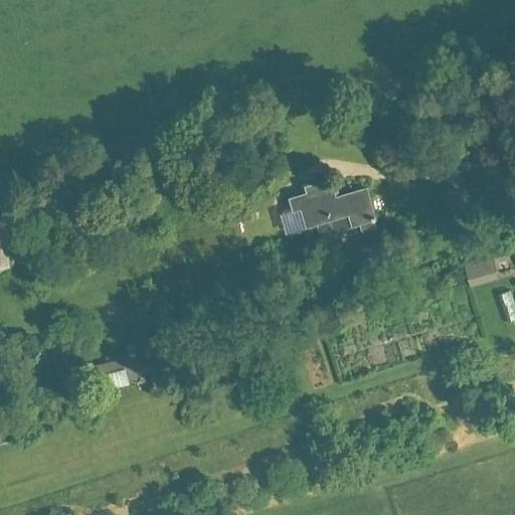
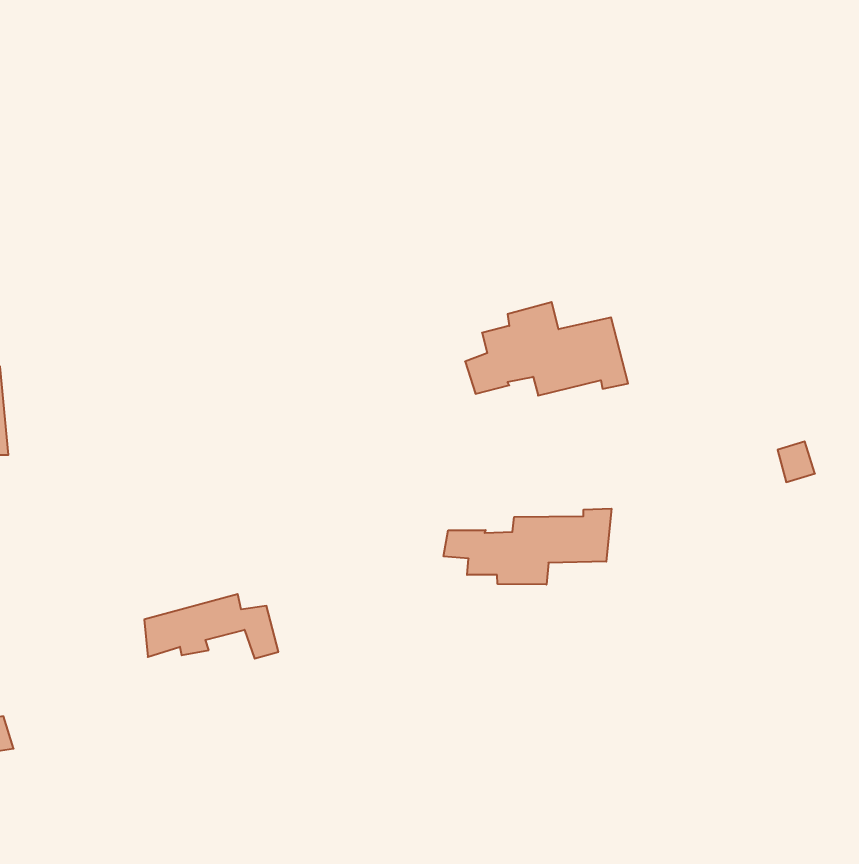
building: none -> [444,509,611,585]

